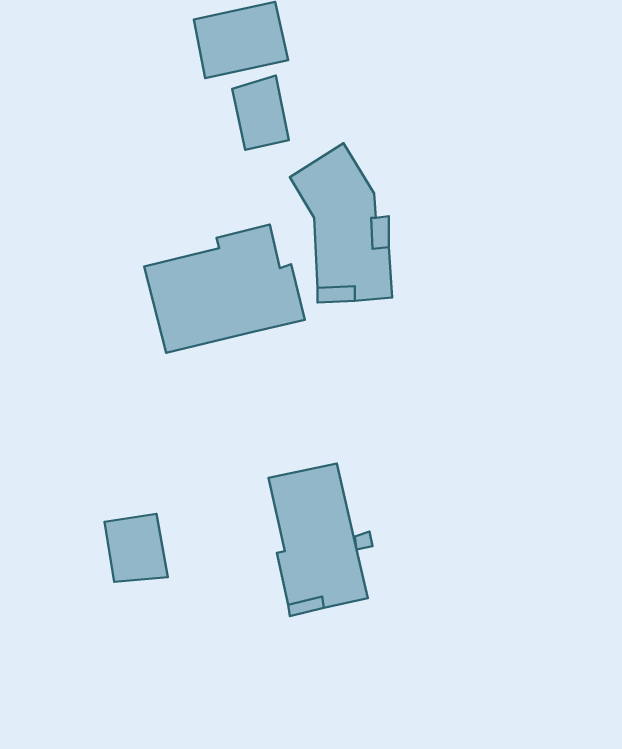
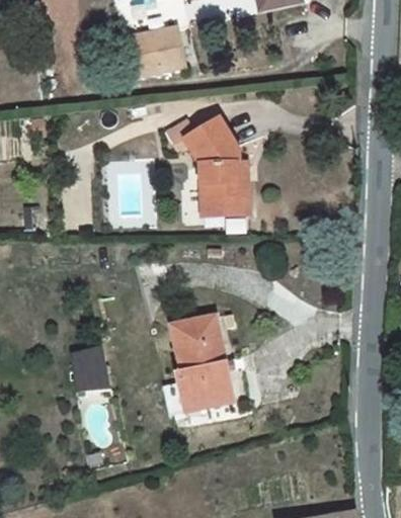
building: [232,75,289,150] -> none
building: [144,225,305,353] -> none

